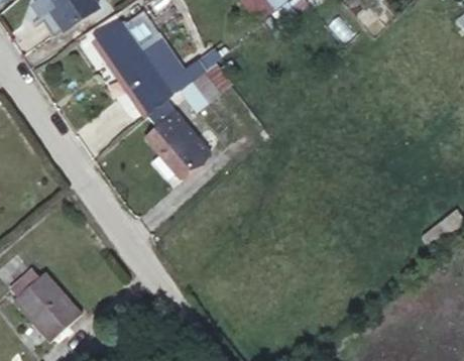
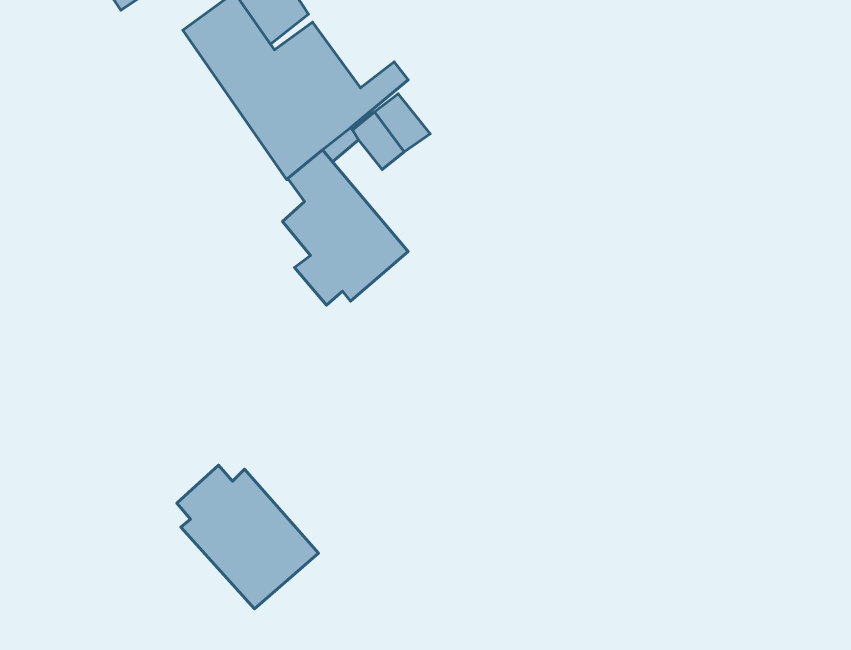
building: [10,269,82,342] -> [177,465,318,609]

